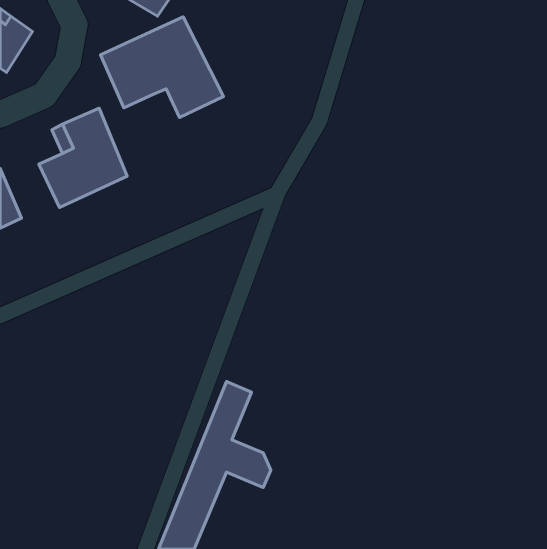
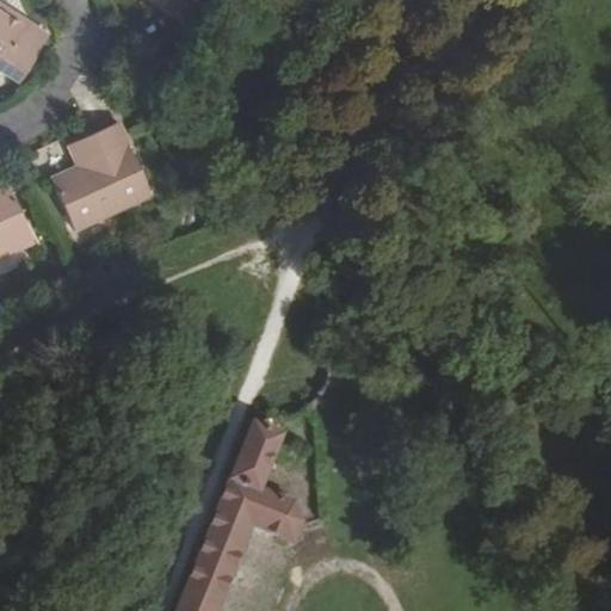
building: [100,17,224,118] -> none

